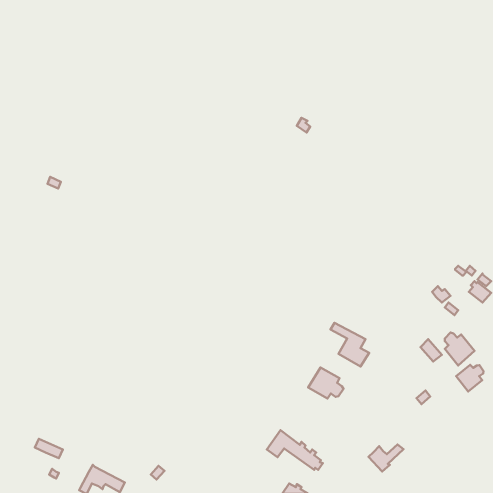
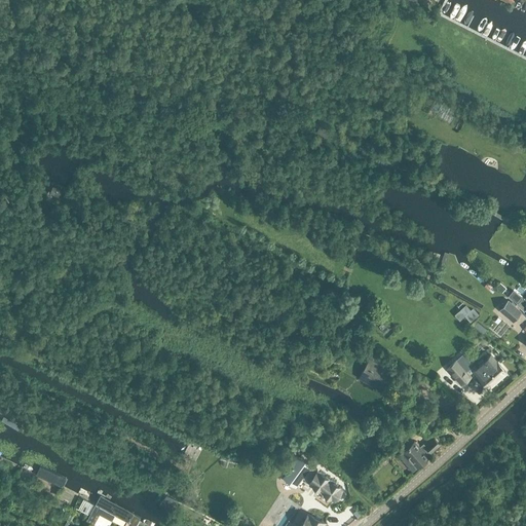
building: [456,365,484,392] -> none
building: [308,367,343,398] -> none
building: [369,444,403,471] -> [402,440,439,468]

